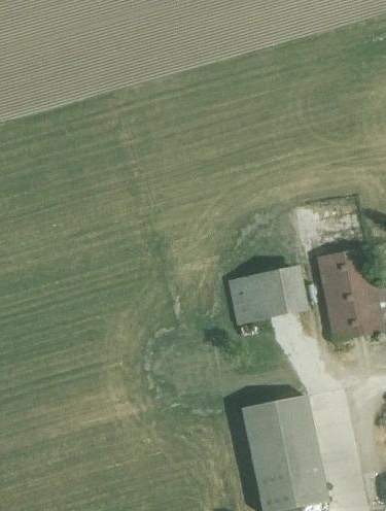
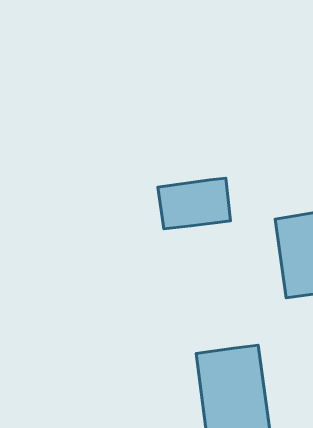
building: [229,265,309,323] -> [158,178,231,229]

